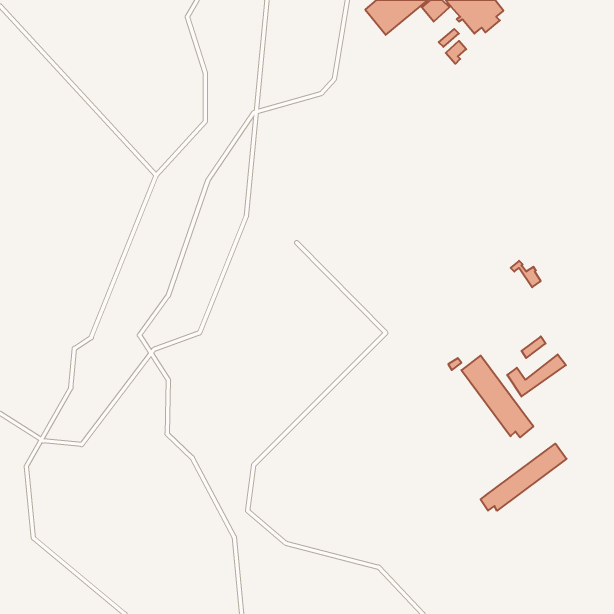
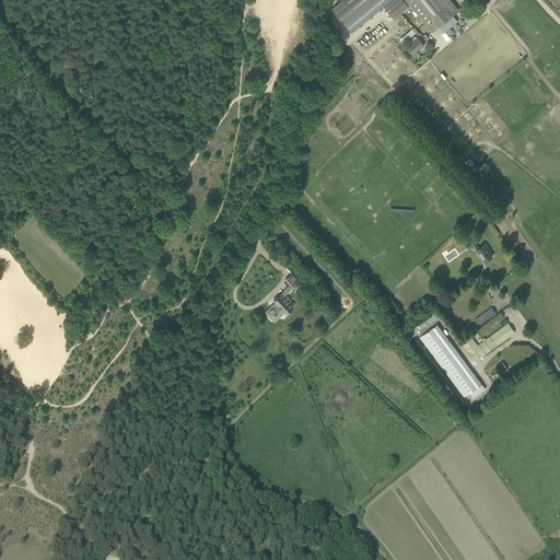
building: none -> [266,273,299,320]
building: [481,444,567,511] -> none

